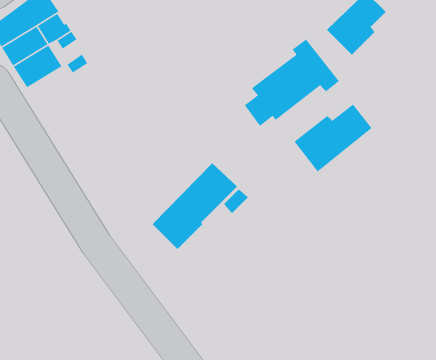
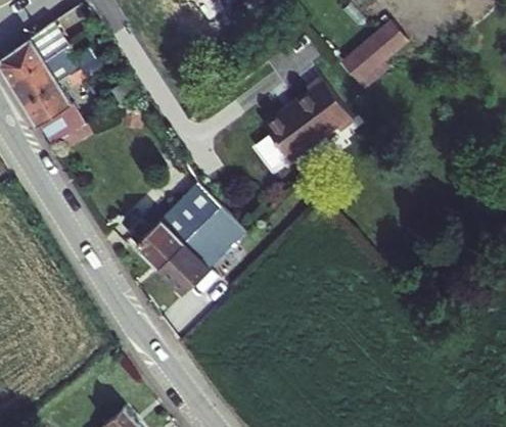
building: none -> [39,103,85,145]
building: [294,103,373,172] -> none
building: none -> [138,178,225,266]

